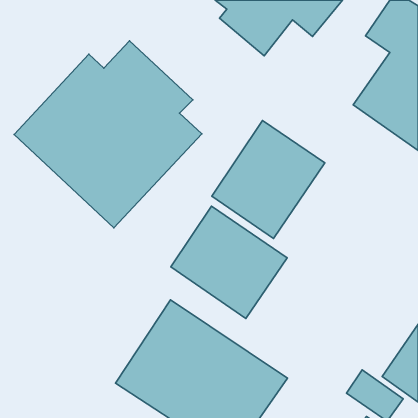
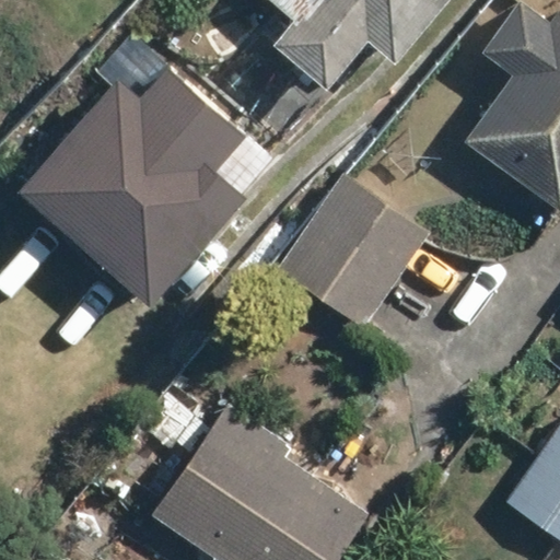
building: [171,206,287,319] -> none

